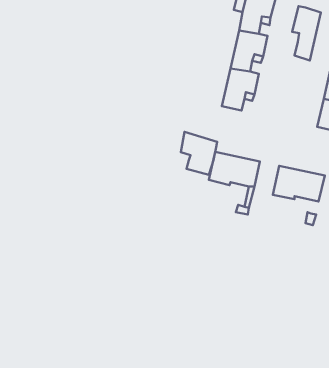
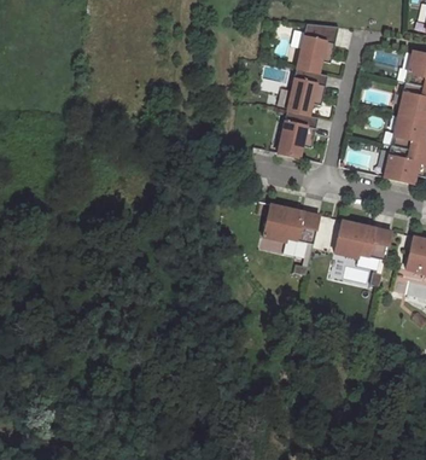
building: [292,6,321,60] -> none
building: [181,132,217,175] -> none

